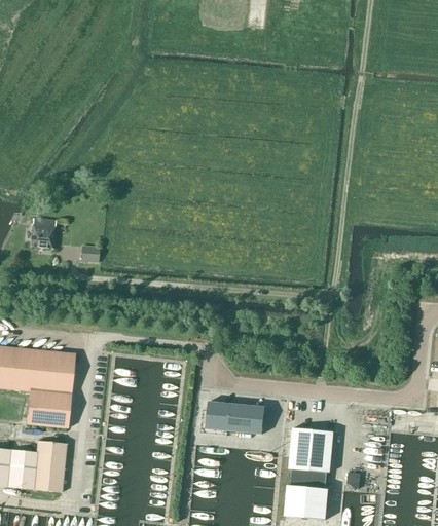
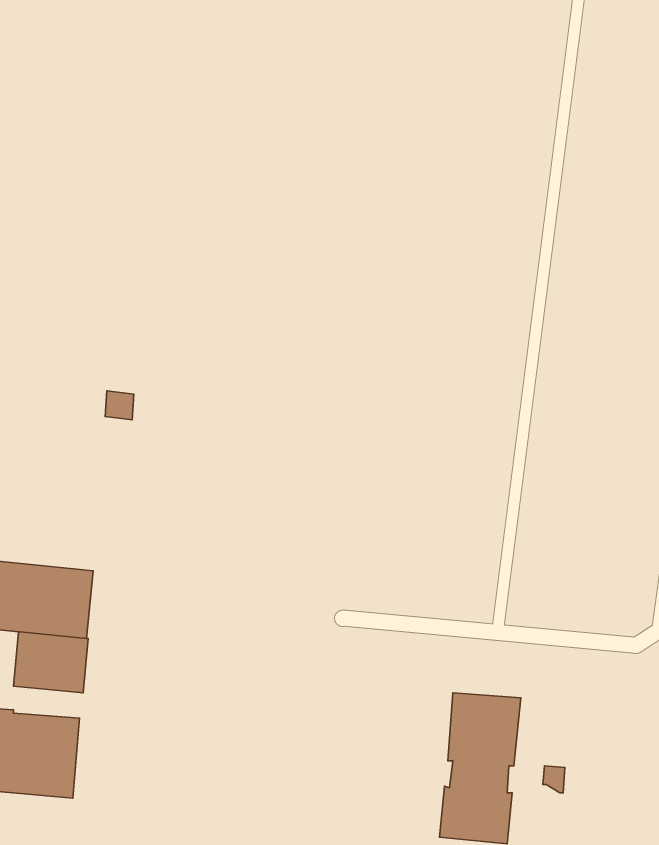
building: [30,218,56,248] -> none
building: [206,401,264,433] -> none

